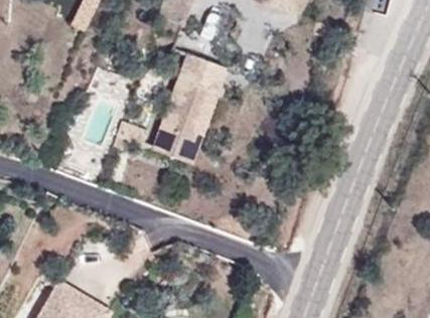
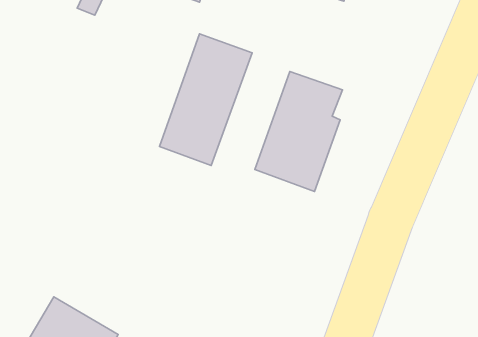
building: none -> [255,71,343,192]

